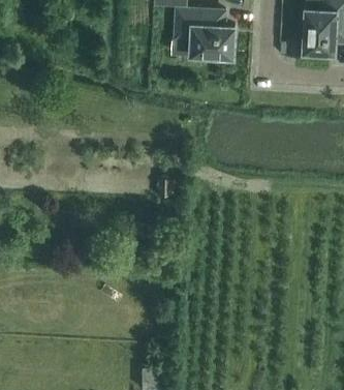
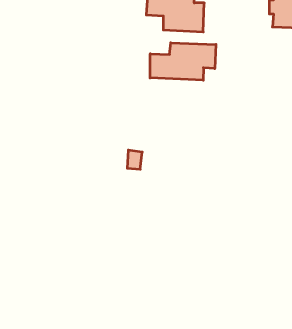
building: none -> [150,43,216,80]

